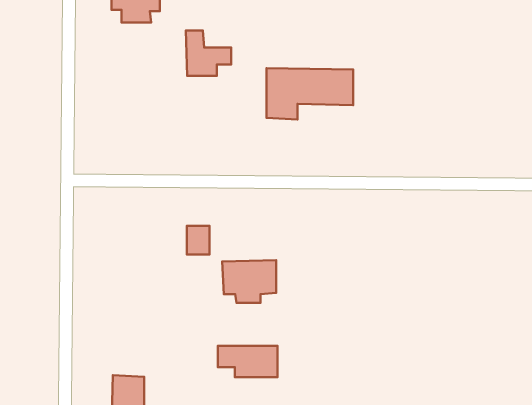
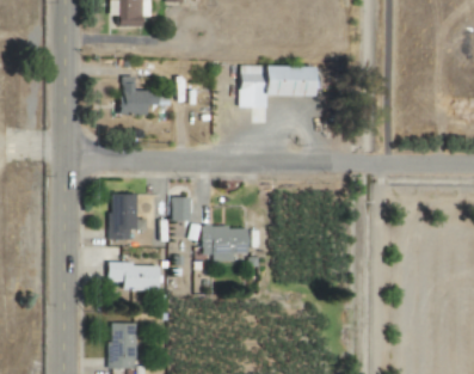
building: [186,30,231,76] -> [121,76,159,115]
building: none -> [111,194,147,239]
building: [218,346,277,377] -> [110,264,160,290]

